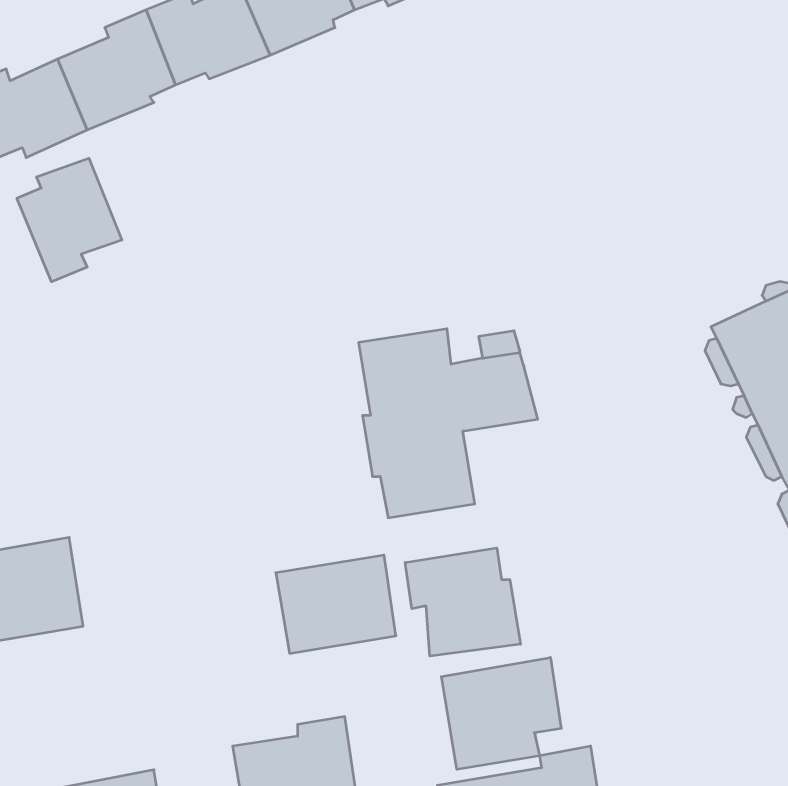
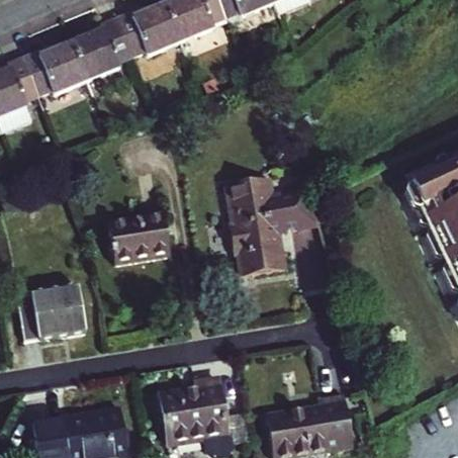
building: [17,158,122,282] -> none
building: [405,548,520,656] -> none
building: [276,555,396,653] -> [108,214,170,265]
building: [441,657,561,769] -> none

